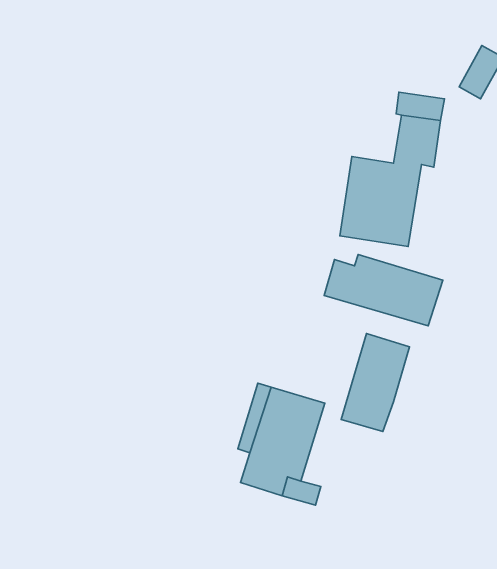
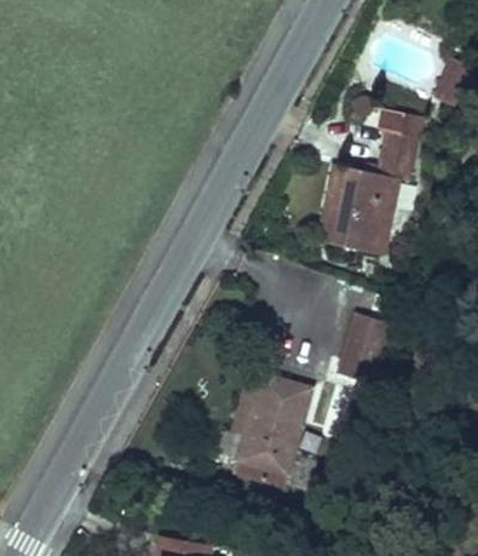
building: [324,254,443,326] -> none

